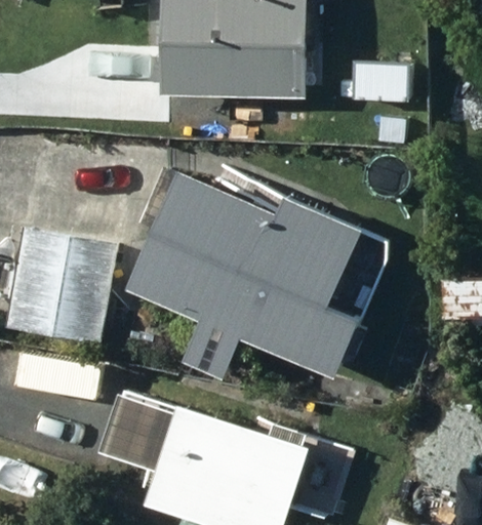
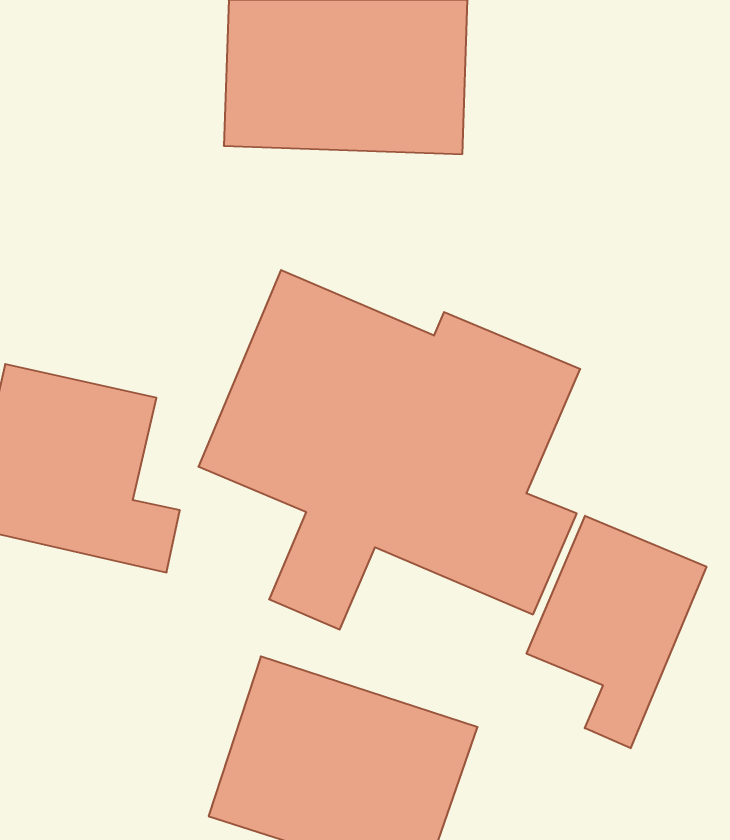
building: none -> [527,516,706,748]

